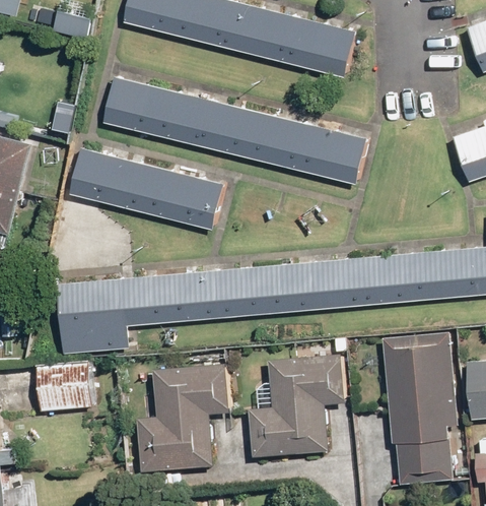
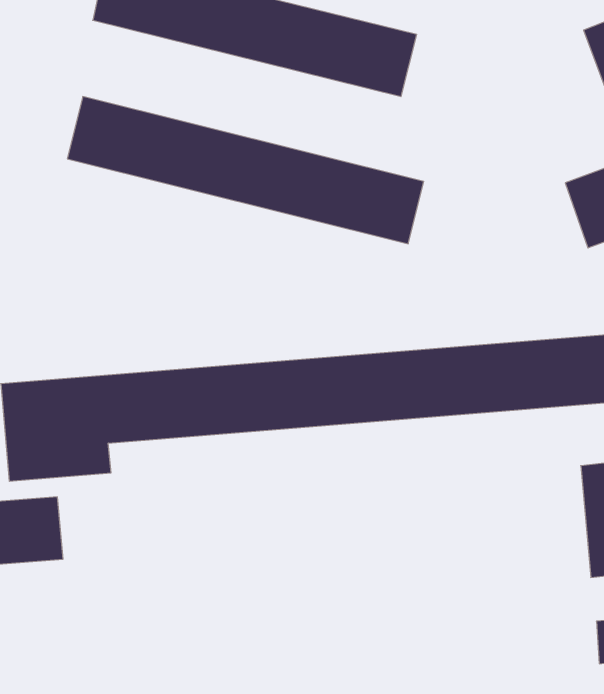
building: [62,146,216,229] -> none
building: [383,333,458,484] -> none
building: [250,356,345,458] -> none
building: [137,362,231,471] -> none

